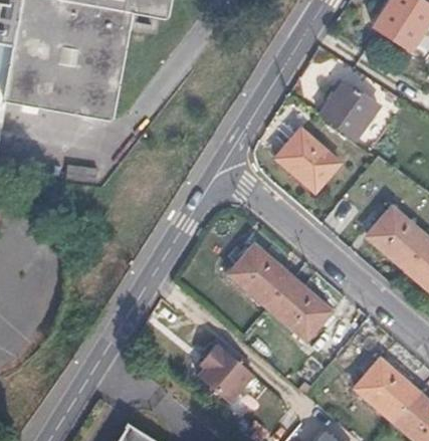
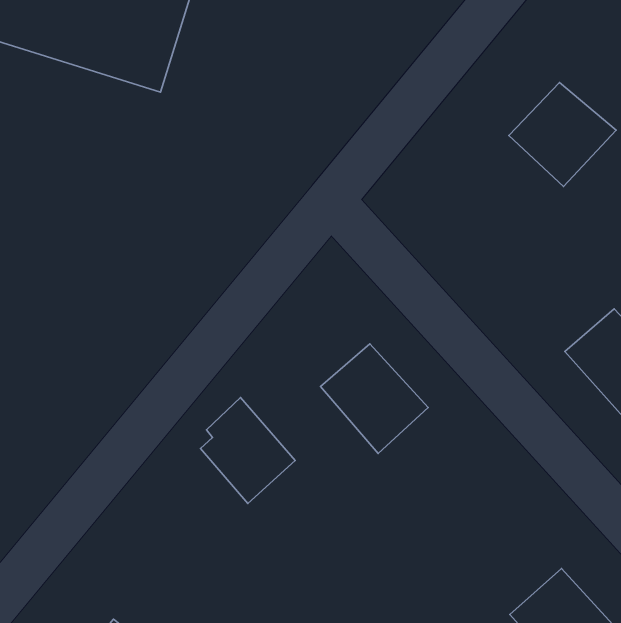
building: [274,128,340,191] -> none
building: [267,277,332,341] -> none
building: [198,344,253,404] -> [200,397,295,504]

